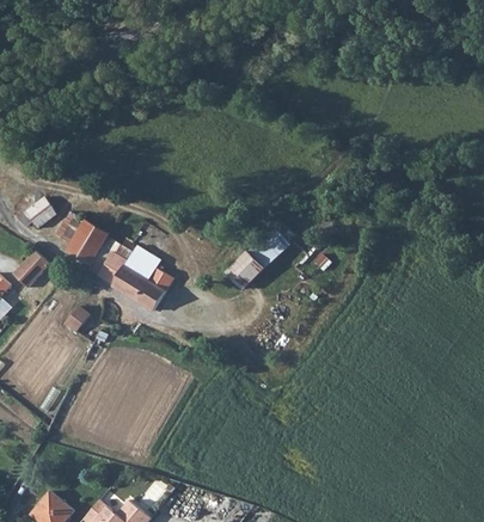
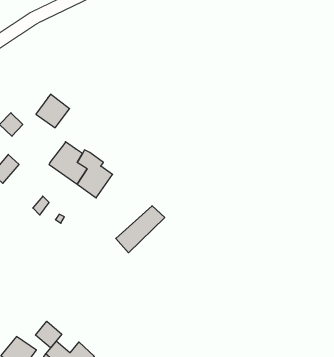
building: [65,217,109,262] -> [36,94,70,128]
building: [226,229,290,291] -> [116,206,165,253]
building: none -> [35,321,62,348]

